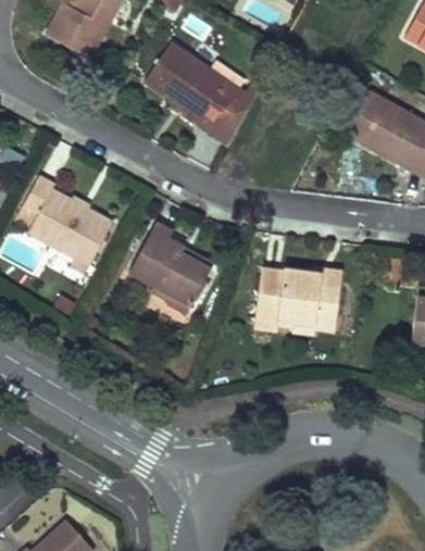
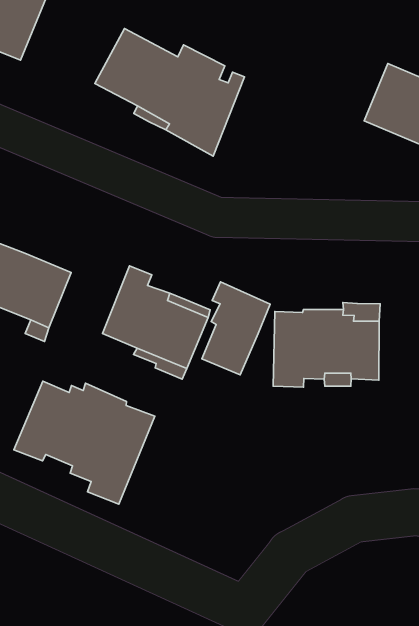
building: none -> [202,282,270,375]
building: none -> [14,381,155,504]

